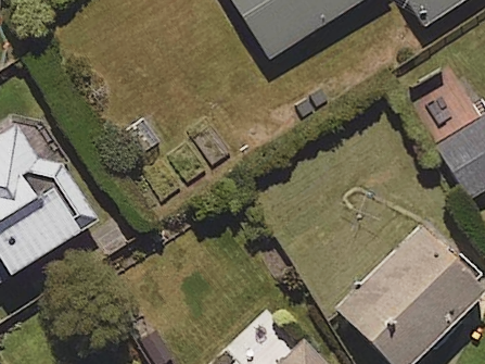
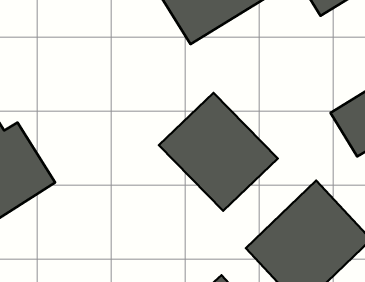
building: none -> [159,93,278,211]

